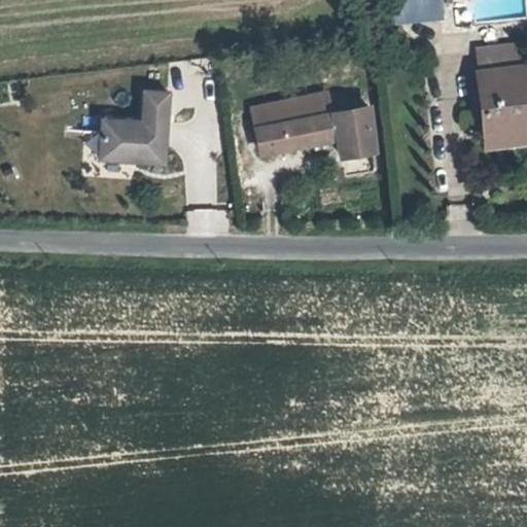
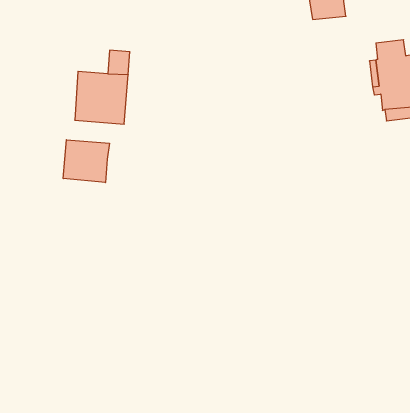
building: [255,105,378,175] -> none
building: none -> [63,140,109,183]

